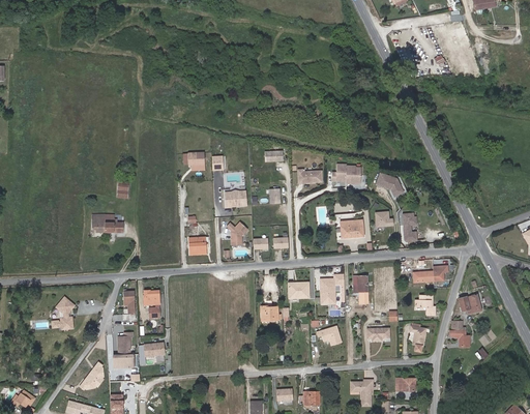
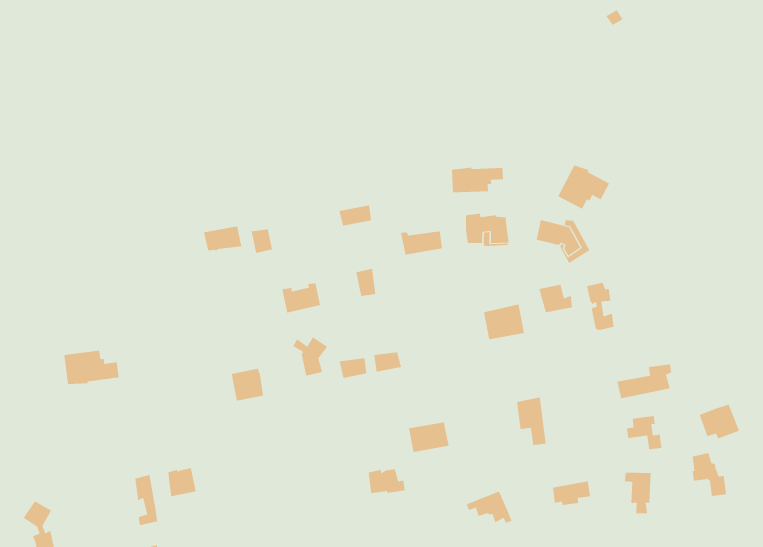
building: none -> [452,167,503,193]
building: none -> [557,164,610,210]
building: [320,274,344,303] -> none

